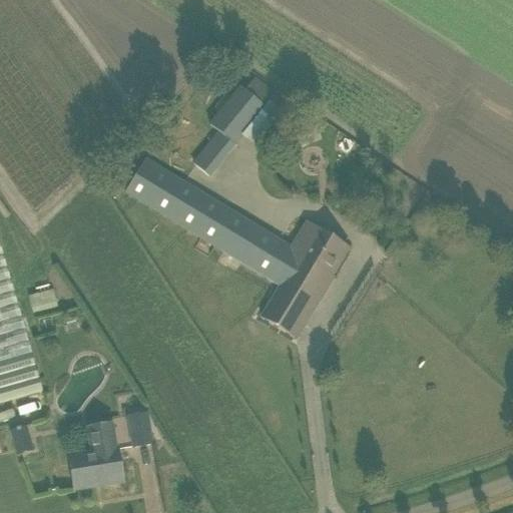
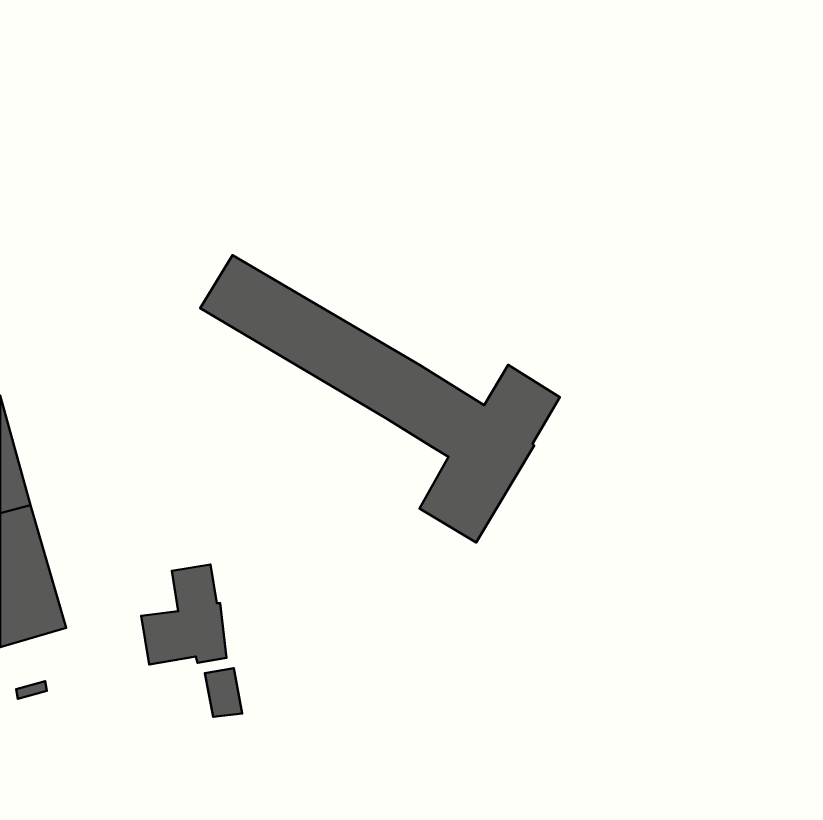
building: [192,86,267,175] -> none
building: [69,423,122,485] -> [141,564,227,664]

